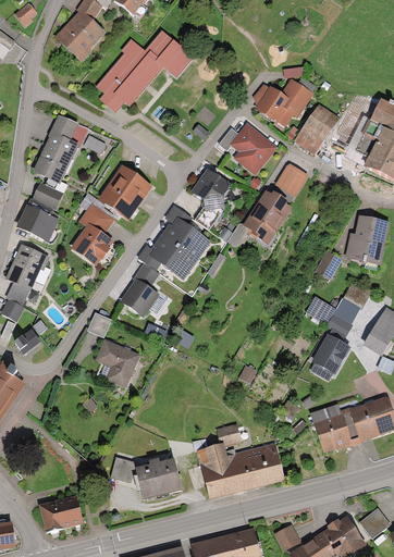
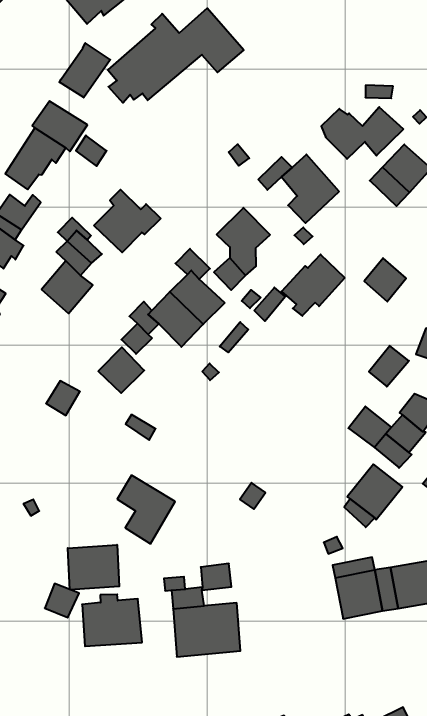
building: none -> [59,43,110,98]
building: [275,164,305,195] -> [364,258,406,302]
building: [96,339,137,386] -> [117,475,175,544]
building: none -> [68,545,119,590]
building: [245,444,282,484] -> none

